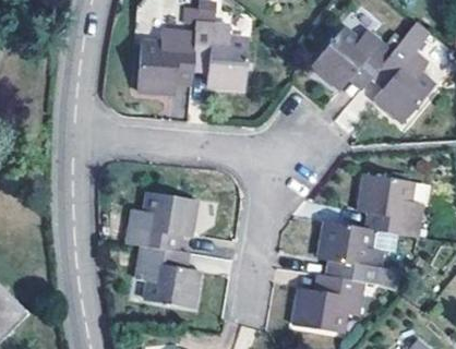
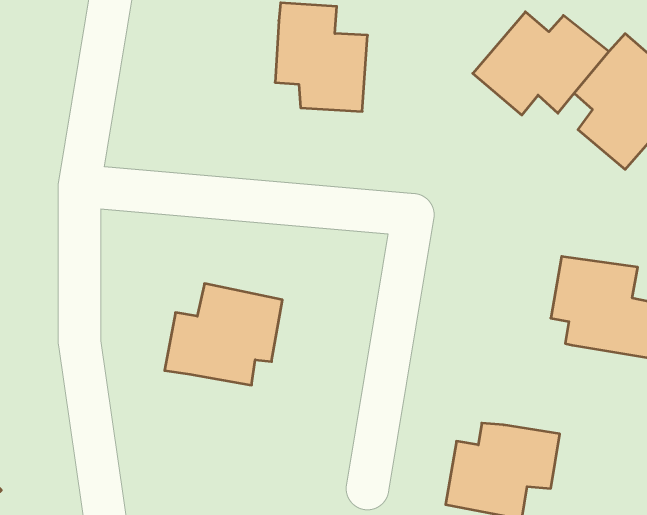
building: [137,31,194,93] -> none
building: [319,220,398,287] -> none
building: [136,245,200,309] -> none

